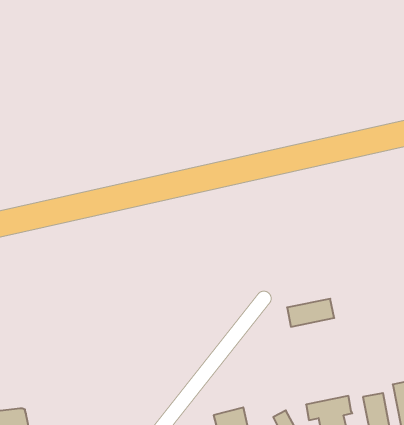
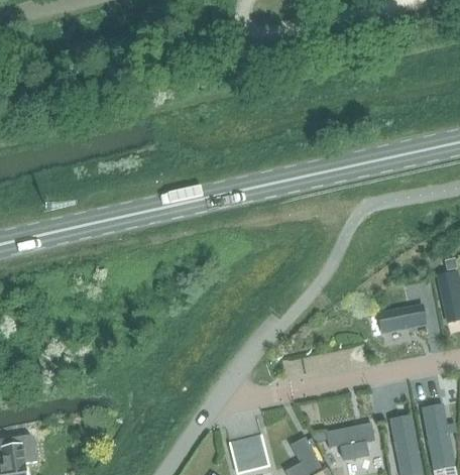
building: [287,299,334,327] -> [378,306,428,335]

